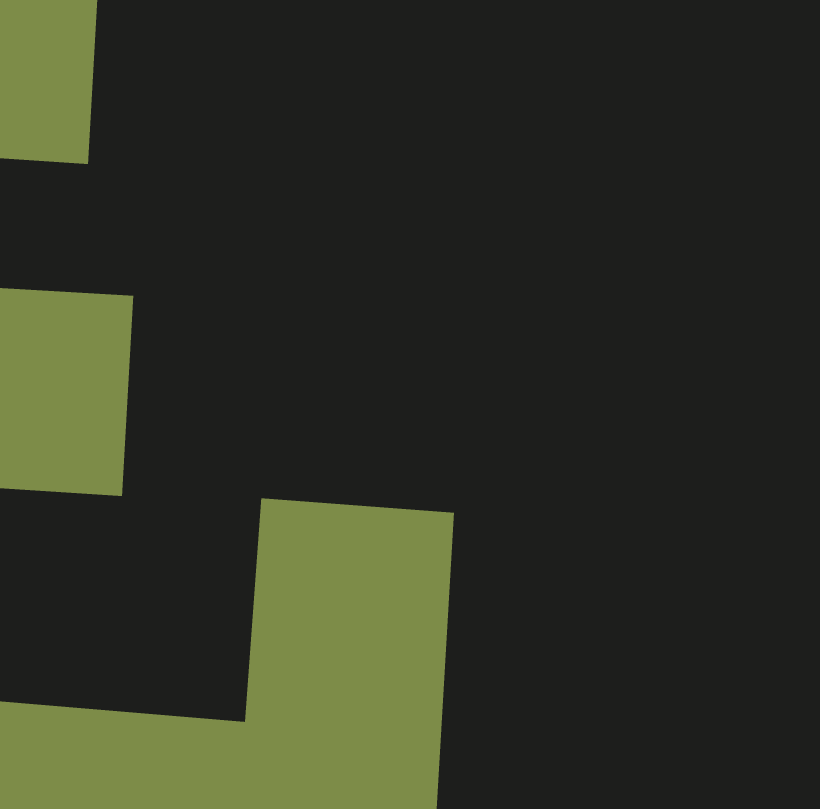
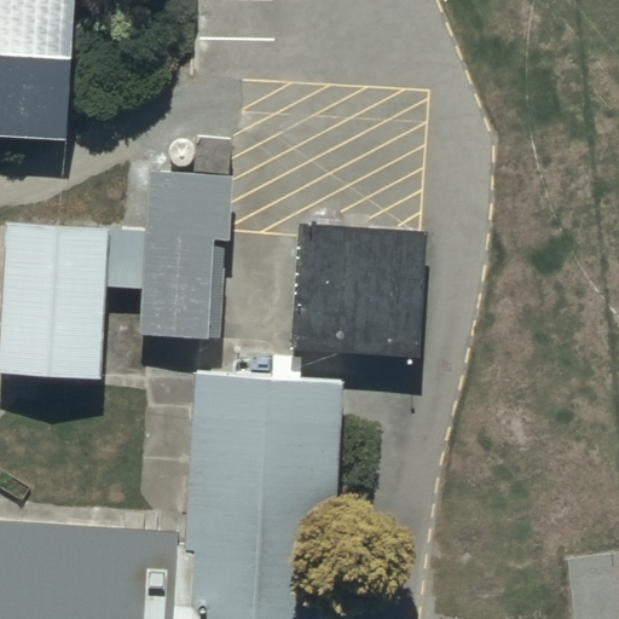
building: none -> [139,172,228,339]
building: none -> [284,220,418,352]

